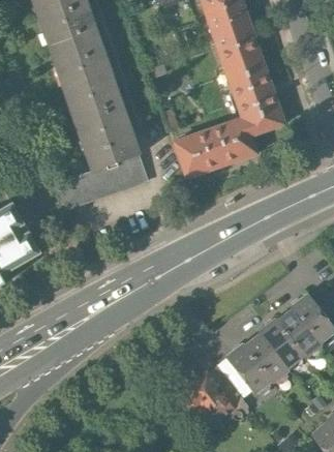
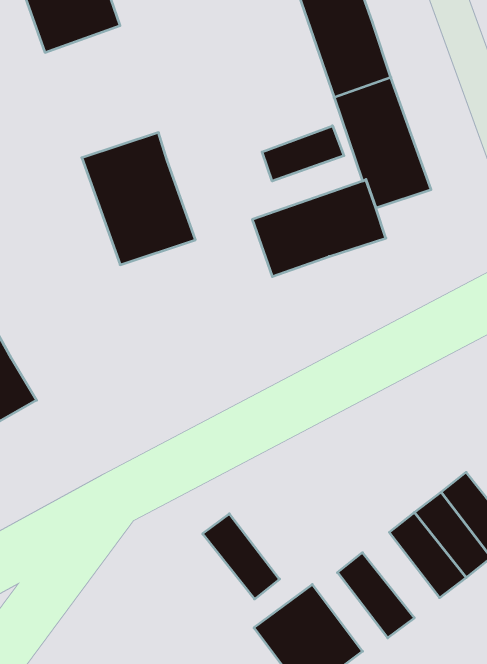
building: [44,20,115,101] -> none
building: none -> [262,126,344,181]
building: [52,152,147,206] -> none
building: [241,333,289,386] -> [203,514,280,599]

